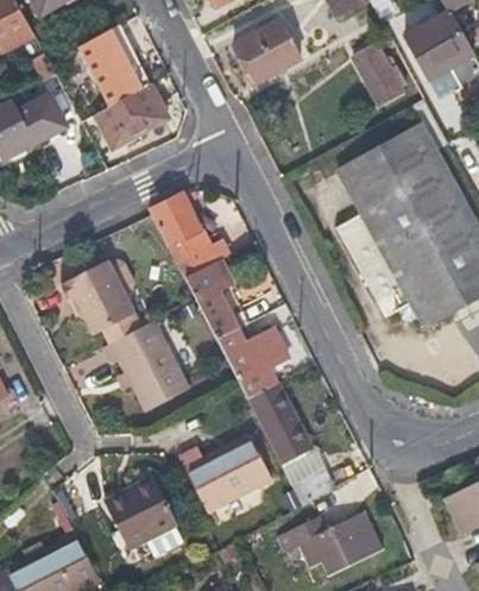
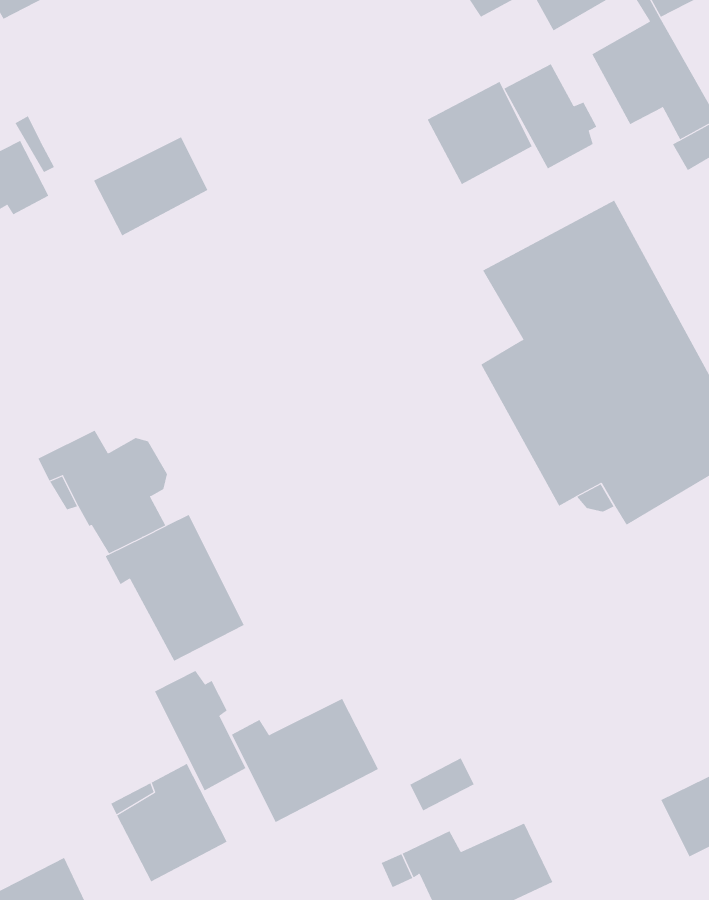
building: [233,19,298,83] -> [427,81,532,185]
building: [77,25,150,106] -> none
building: [151,190,308,469] -> none
building: none -> [154,670,246,791]

